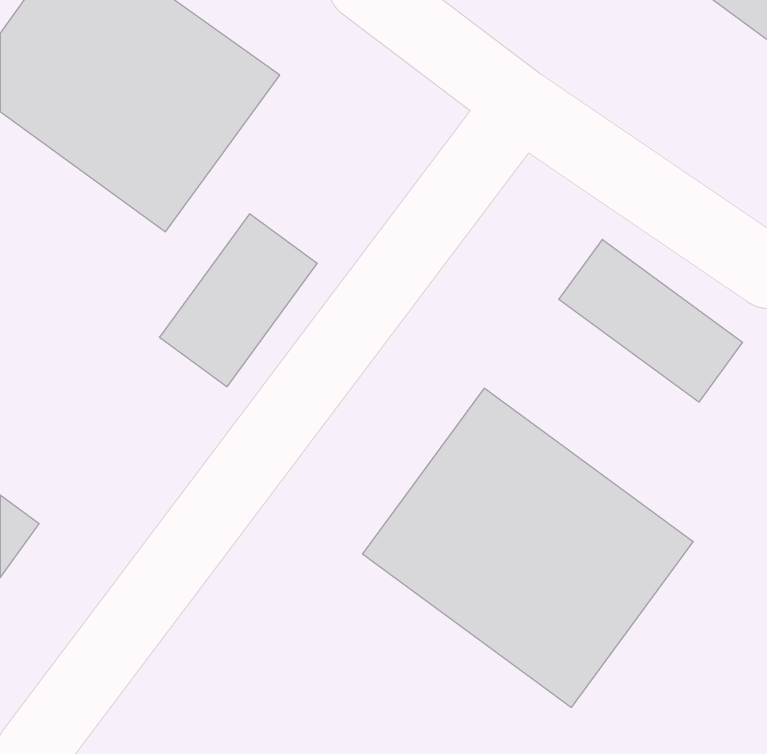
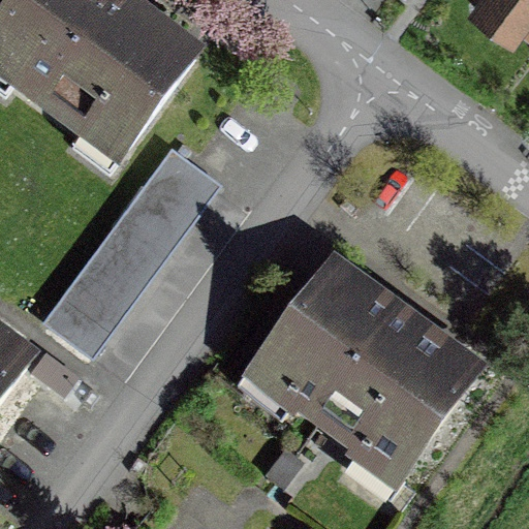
building: [559,239,743,402] -> none
building: none -> [44,231,157,353]

